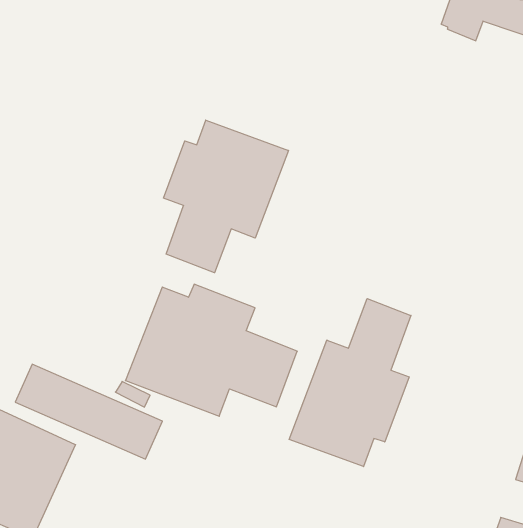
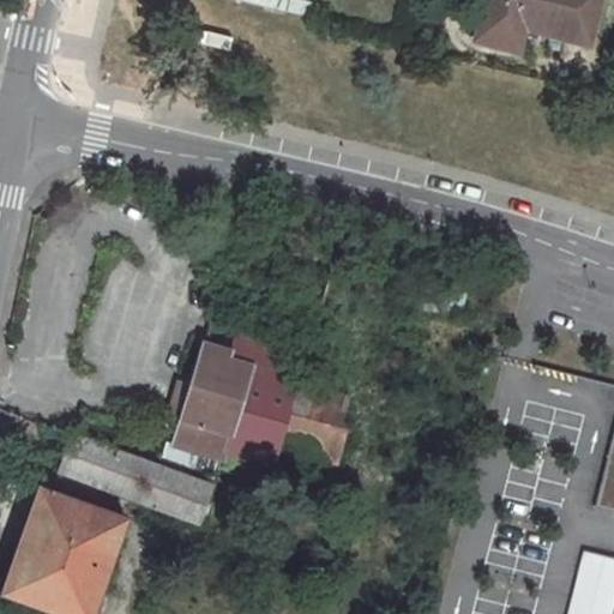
building: [163,120,288,273] -> none
building: [289,299,411,467] -> none

